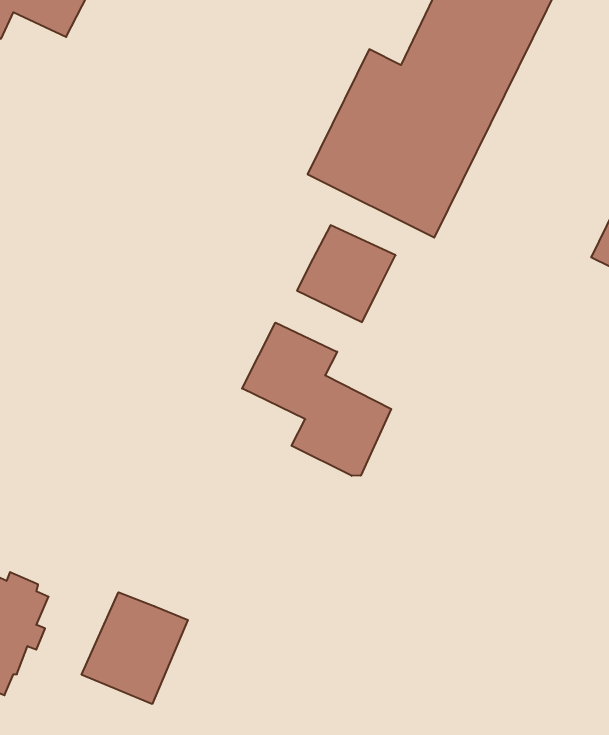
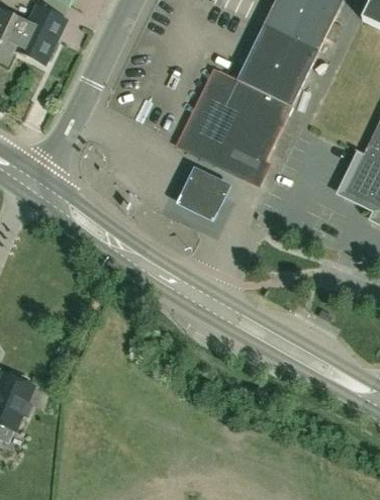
building: [242,323,391,476] -> none
building: [82,592,188,704] -> none

